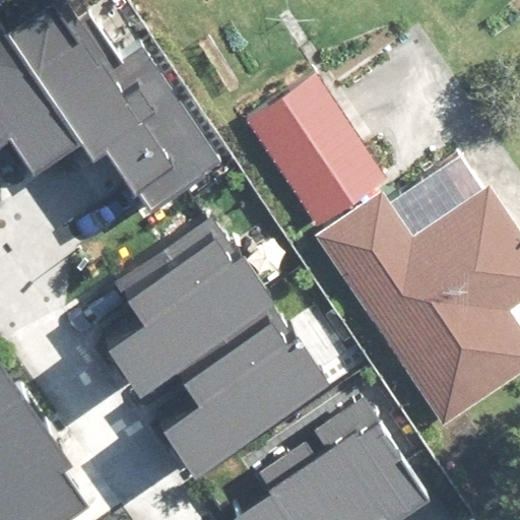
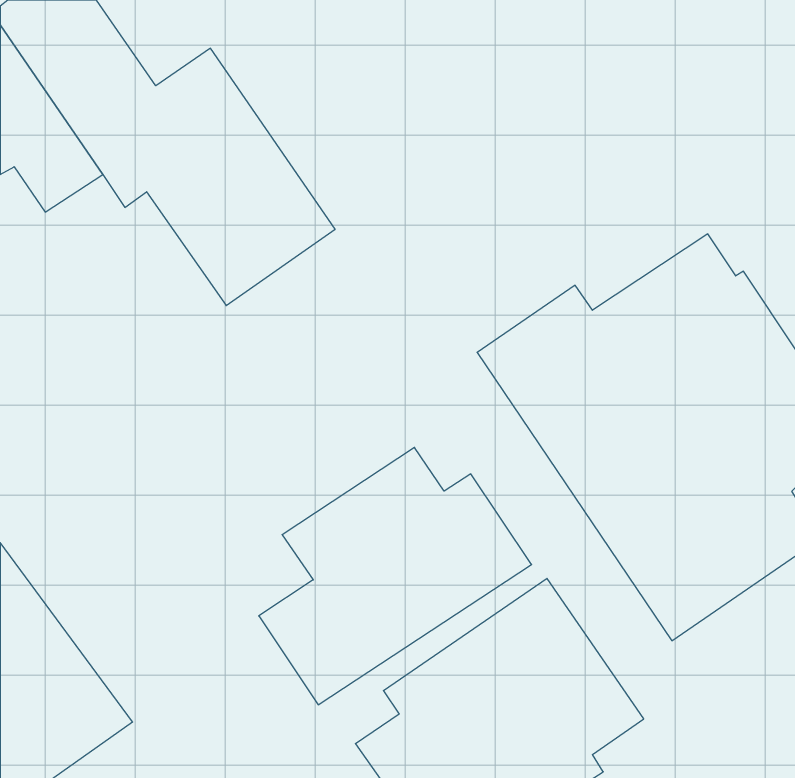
building: [243,78,382,230] -> none
building: [107,215,284,384] -> none

